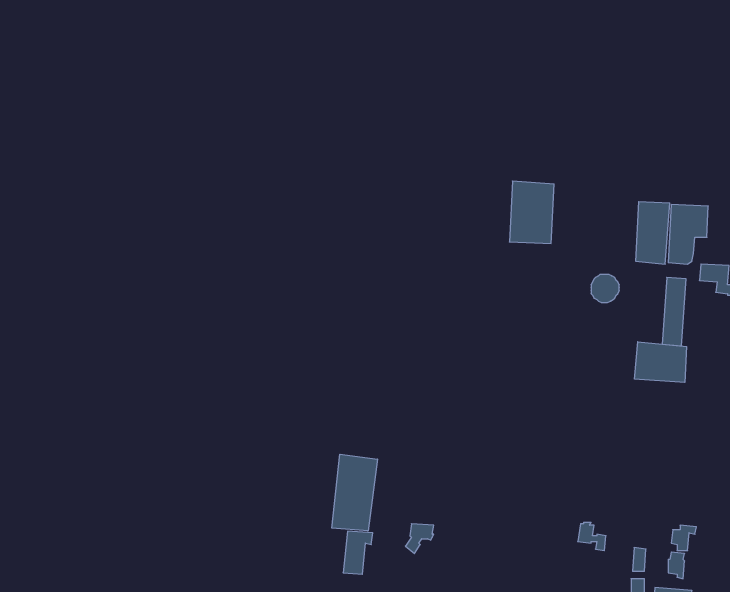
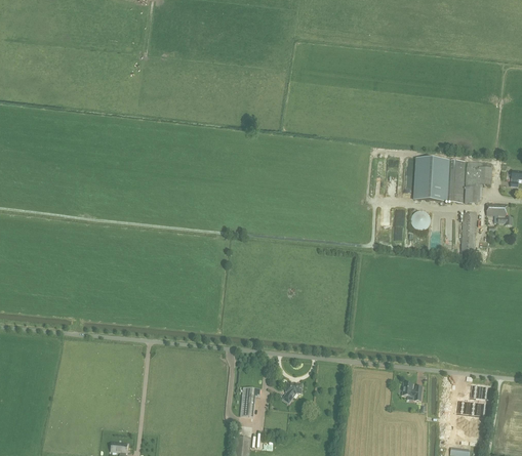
building: [509,181,554,243] -> [413,158,444,201]
building: [635,342,687,382] -> none
building: [332,454,377,531] -> none

